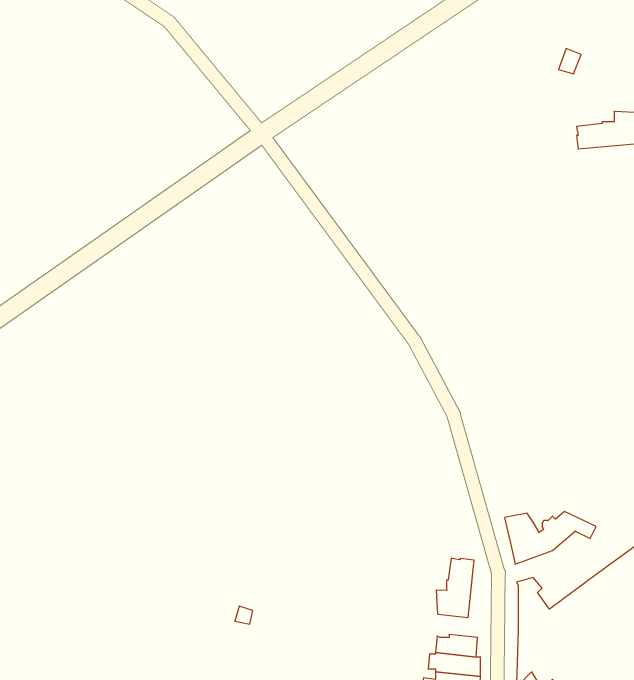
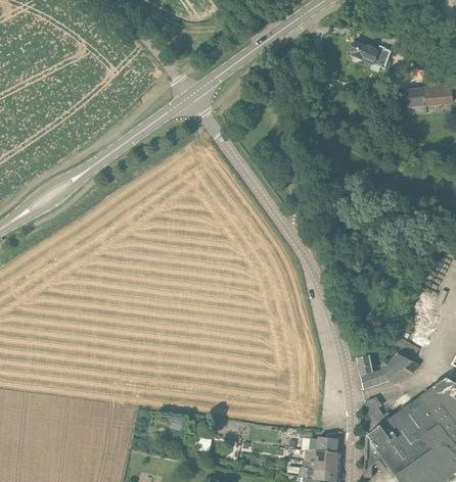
building: none -> [351,41,387,67]
building: [437,558,474,618] -> none

